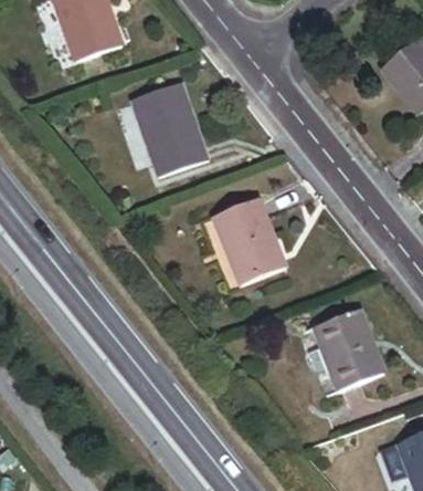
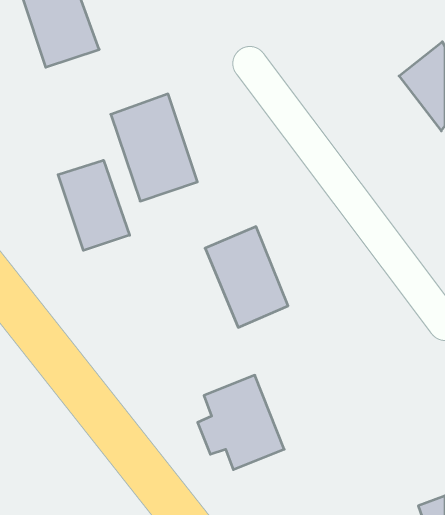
building: none -> [58,160,130,250]
building: [308,307,383,389] -> [198,375,284,470]

